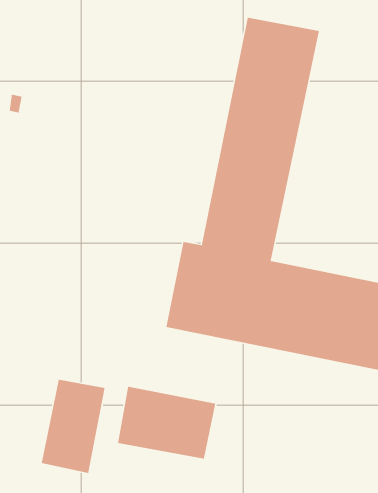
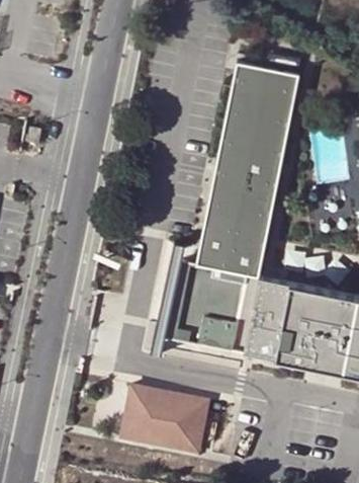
building: [41,379,105,474] -> none

